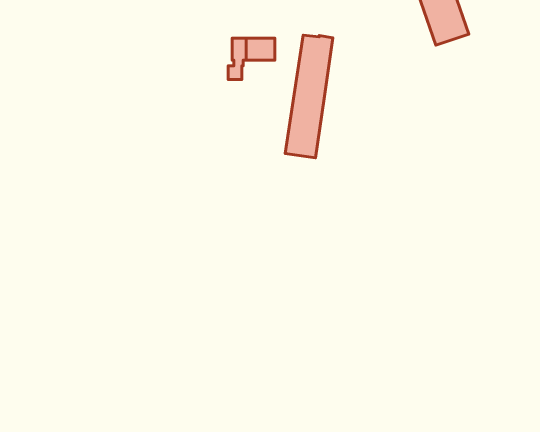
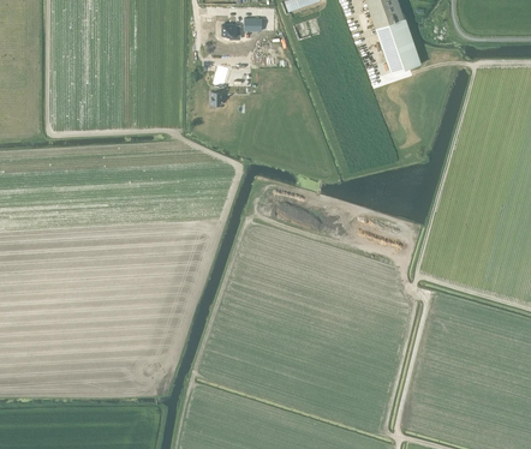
building: [285,35,333,158] -> none

